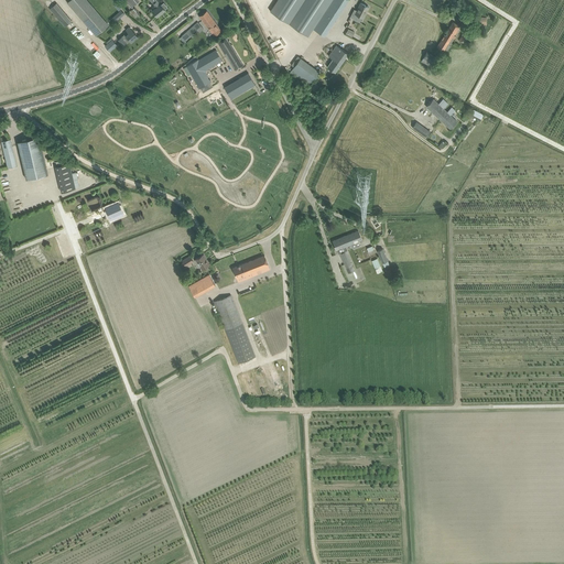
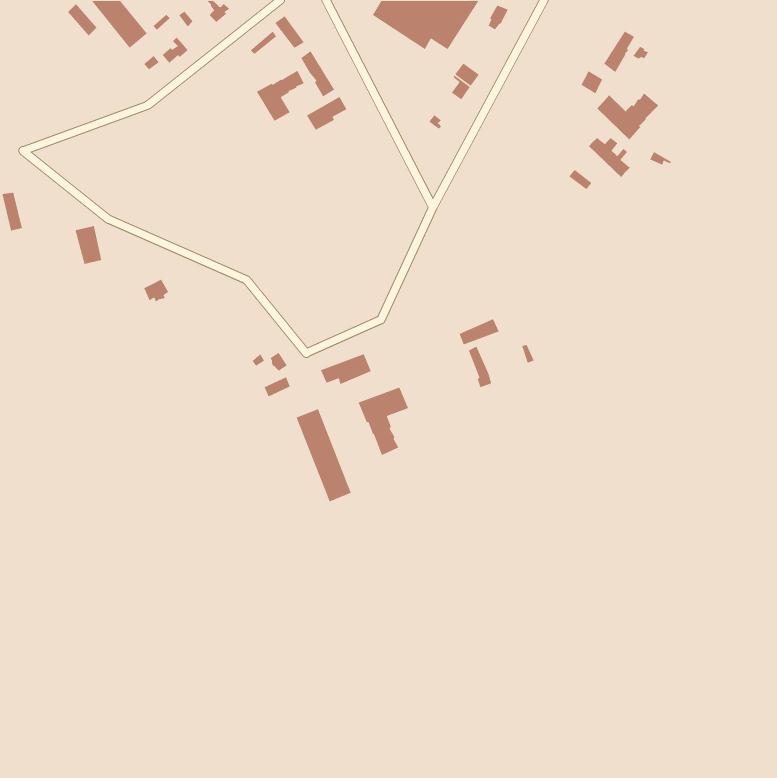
building: [290,56,318,86] -> none
building: none -> [597,92,661,141]
building: [17,135,46,178] -> none
building: none -> [357,386,409,457]

